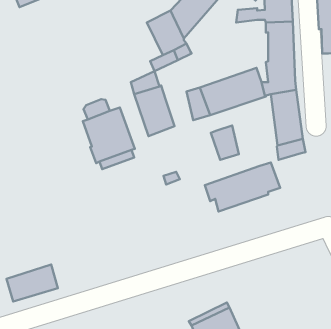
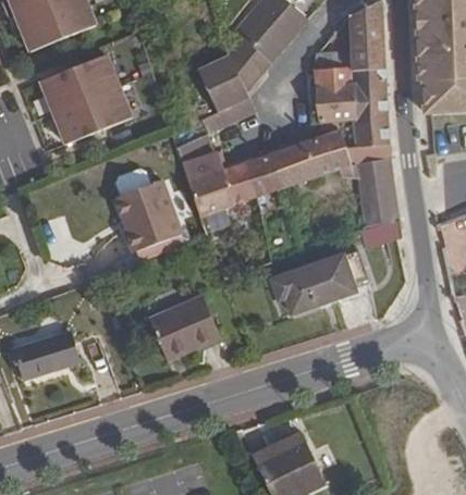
building: none -> [40,55,130,144]
building: none -> [312,66,354,124]
building: [211,125,239,160] -> [221,159,257,203]
building: none -> [148,296,220,360]
building: [6,264,58,302] -> [13,331,79,379]

